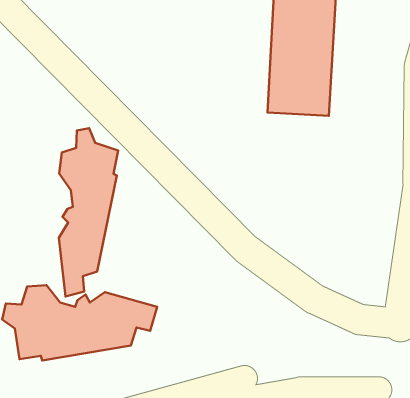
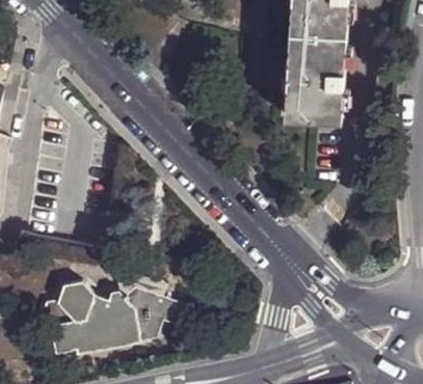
building: [59,128,118,297] -> none

